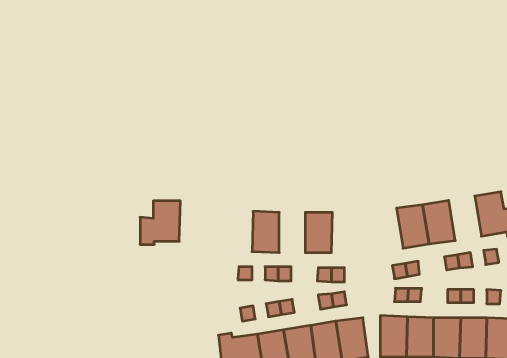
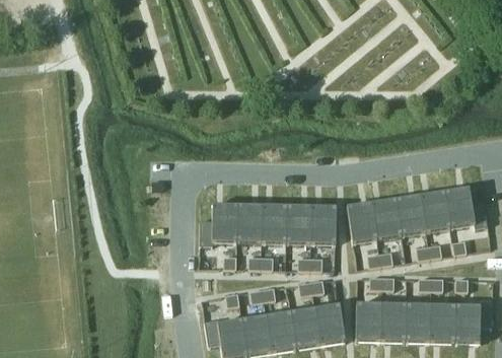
building: none -> [420,191,450,232]
building: [140,201,180,244] -> [200,205,237,245]
building: none -> [347,202,377,243]
building: none -> [262,206,286,243]
building: none -> [310,206,336,244]

